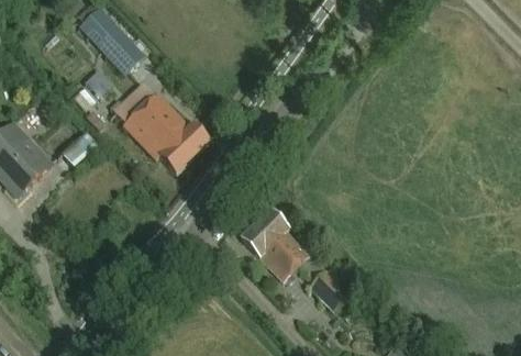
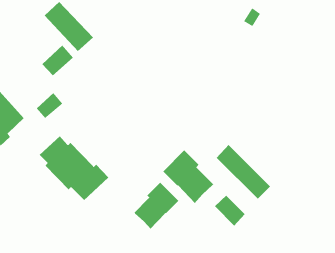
building: [113,85,209,174] -> [39,135,109,201]
building: none -> [216,144,271,200]
building: none -> [134,182,179,230]

